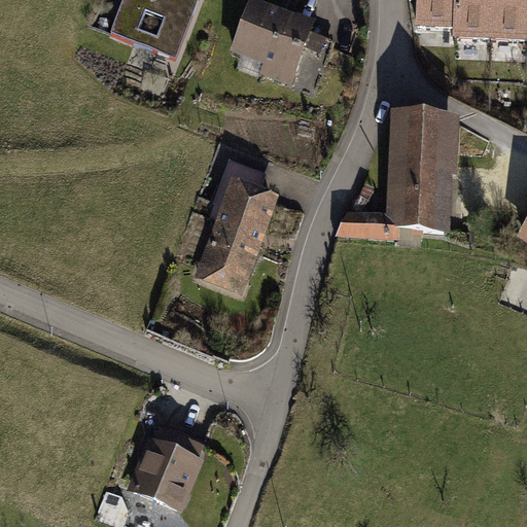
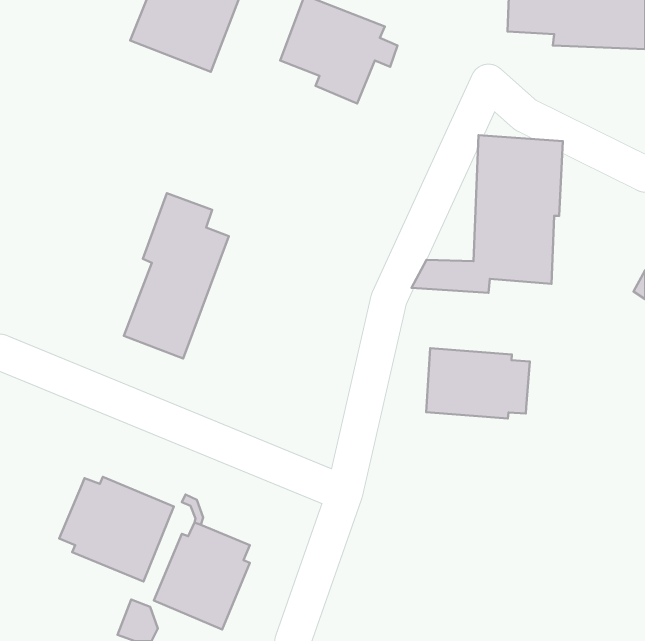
building: [194,161,279,295] -> [124,193,229,359]
building: none -> [426,348,530,418]
building: none -> [59,477,174,582]

